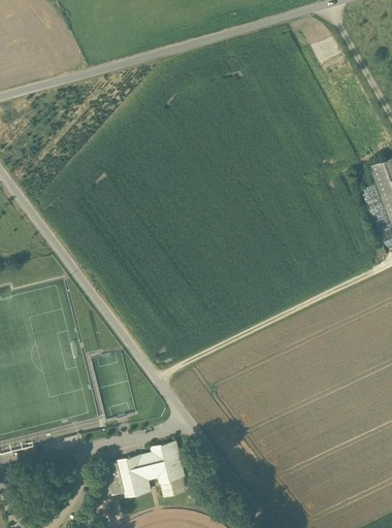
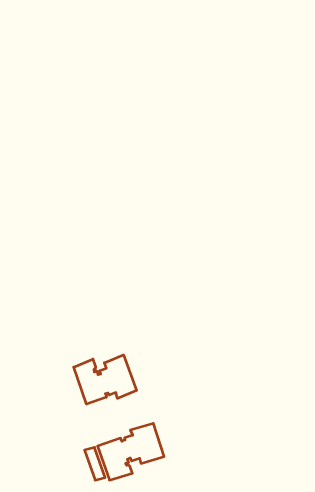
building: none -> [74,355,137,404]

